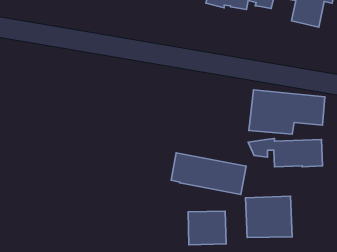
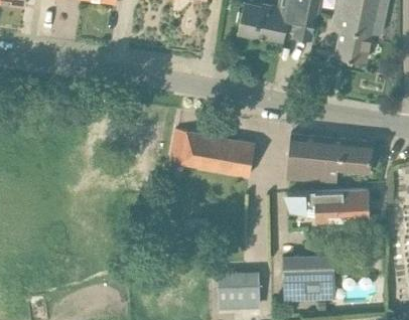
building: [171,153,246,194] -> [170,130,256,177]

